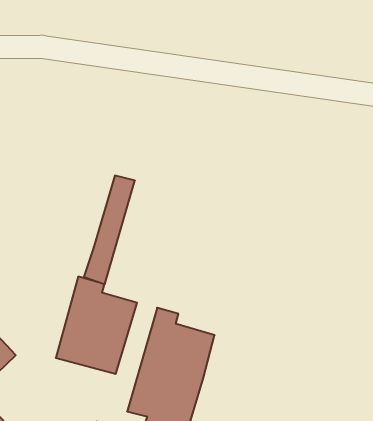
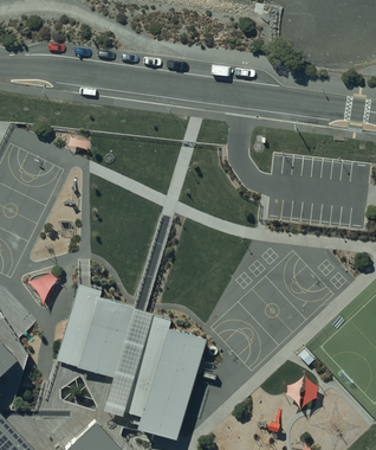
building: [84,176,135,284] -> [104,309,153,412]

